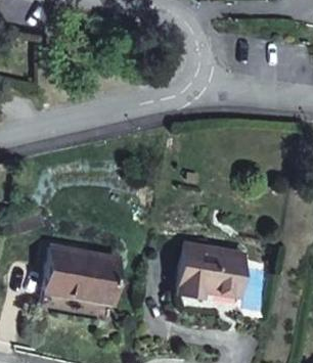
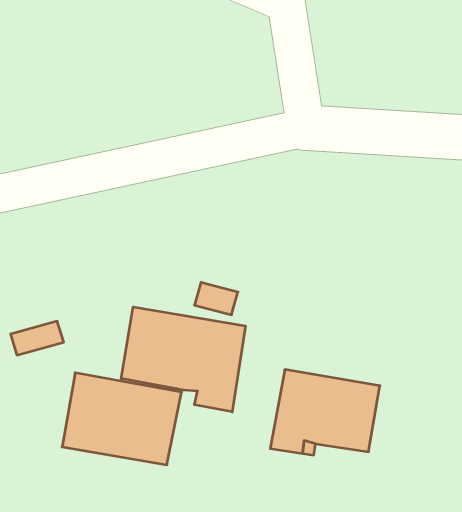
building: none -> [121,307,245,412]

